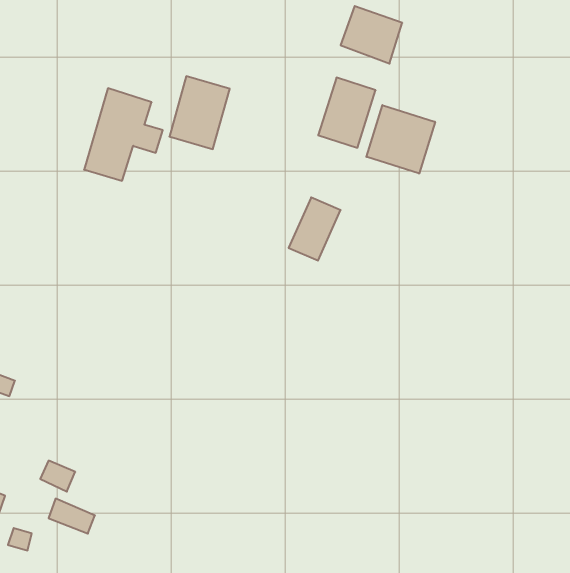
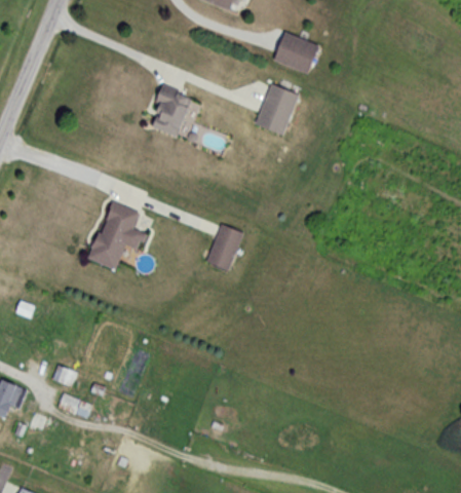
building: [84,88,163,181] -> [89,201,147,269]
building: [366,105,435,174] -> none
building: [289,197,341,261] -> [206,225,244,271]

